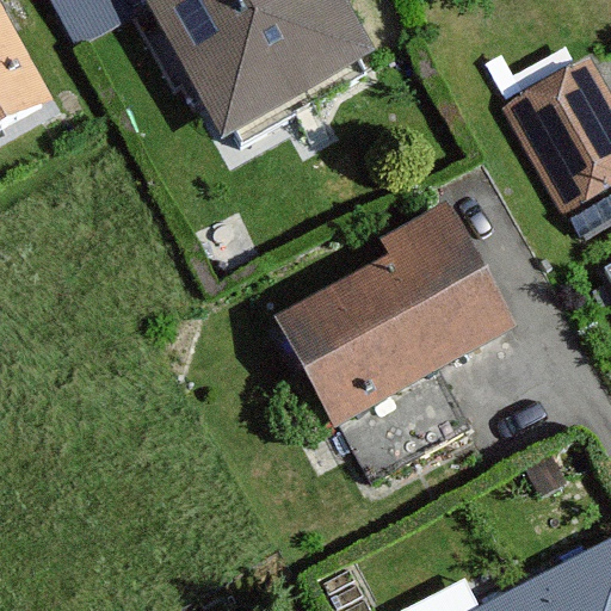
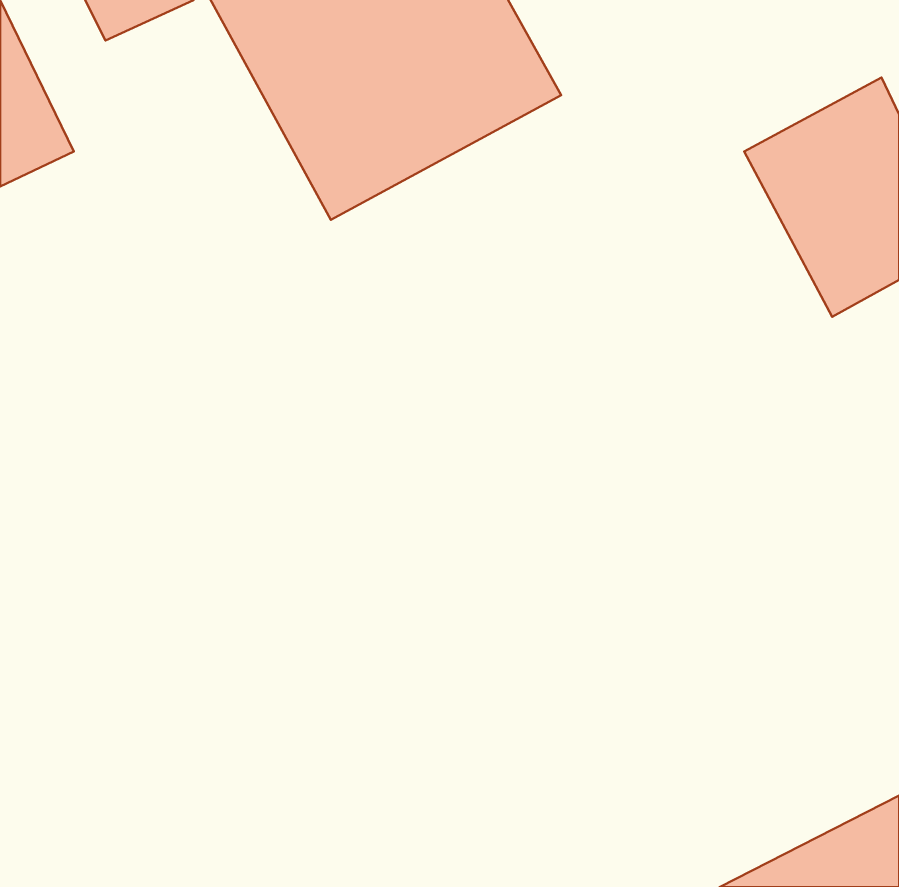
building: [280,203,510,418] -> none

